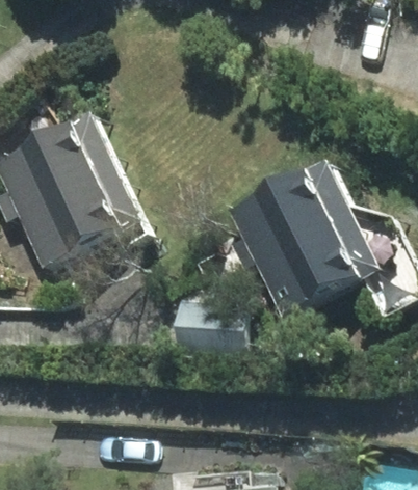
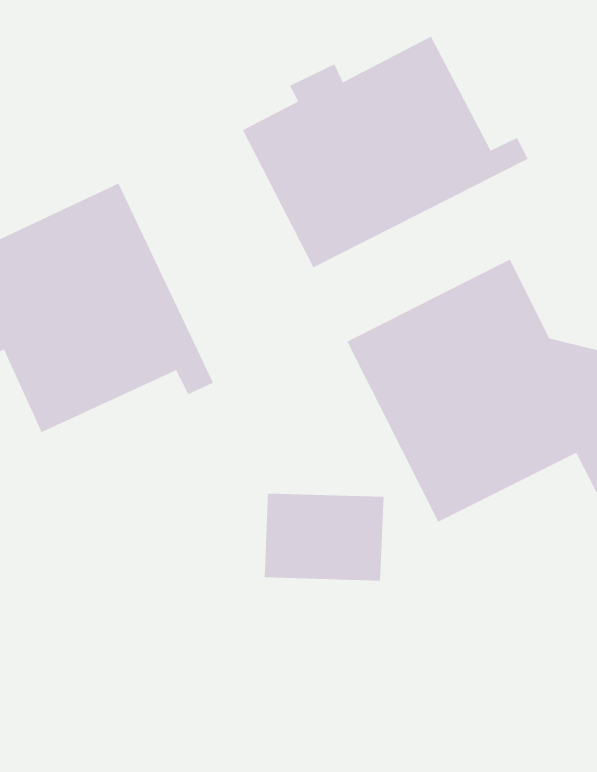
building: none -> [242,36,529,268]

